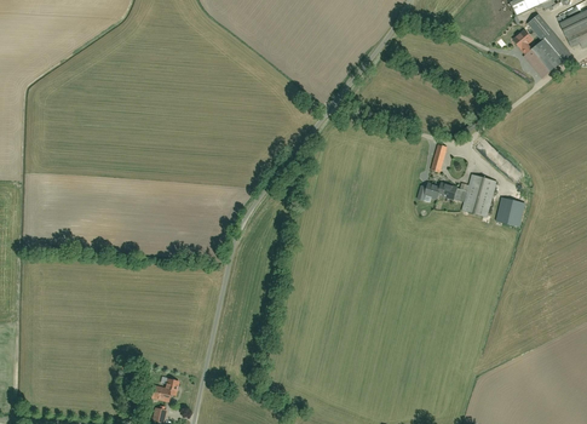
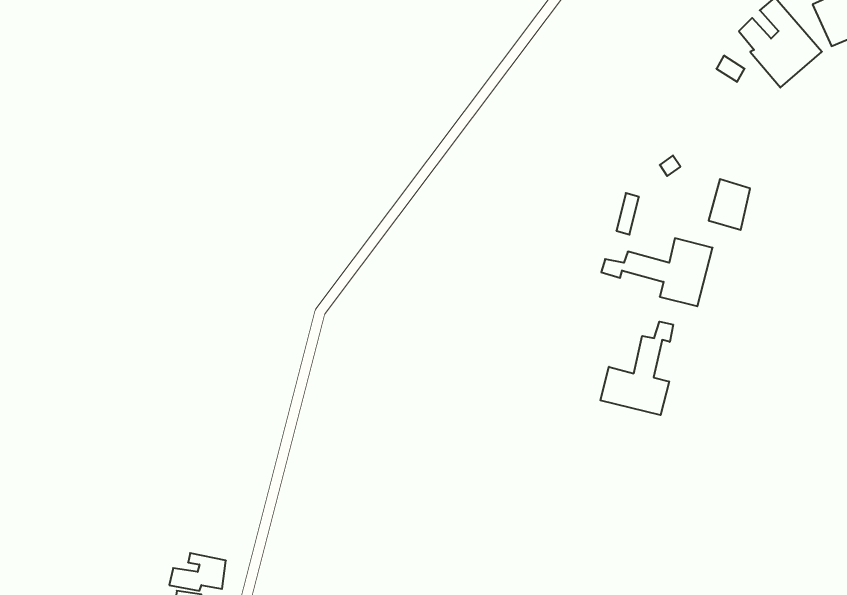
building: [497,196,524,229] -> [709,179,750,230]
building: none -> [600,322,673,415]

